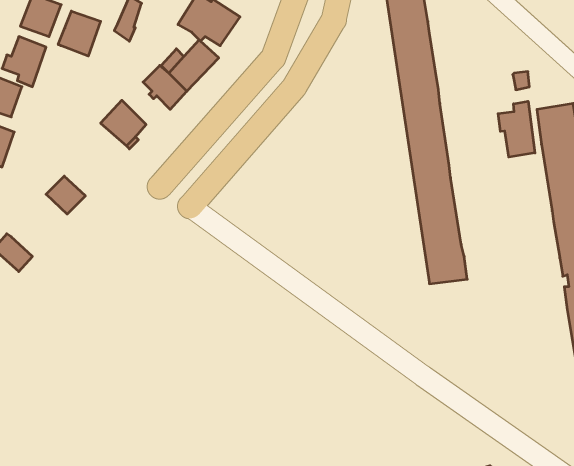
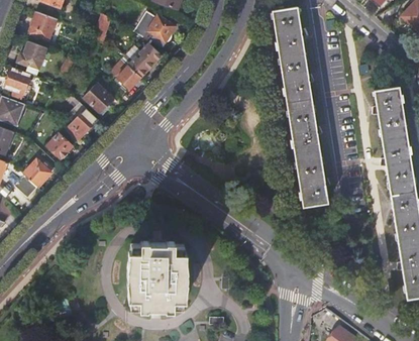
building: [58,11,101,56] -> none
building: [498,101,535,157] -> none
building: none -> [66,114,94,141]
building: none -> [23,159,50,187]
building: none -> [133,243,187,307]

